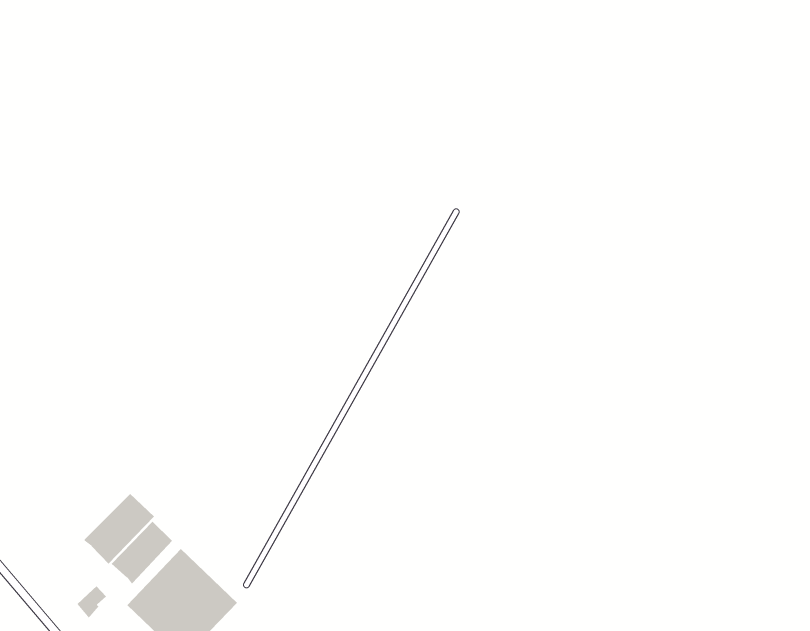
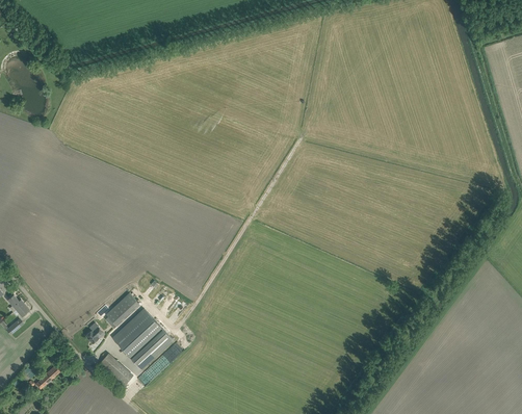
building: [84,493,155,565] -> none

